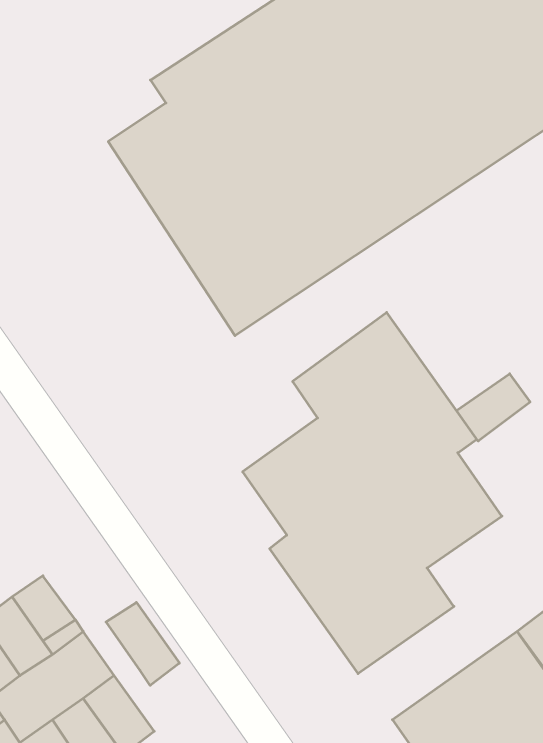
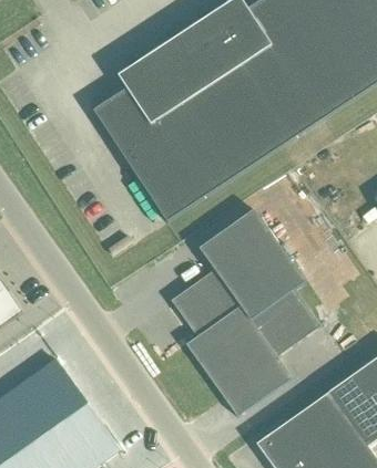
building: [456,374,530,441] -> none
building: [106,602,179,685] -> none

